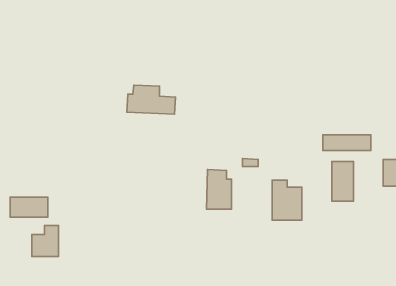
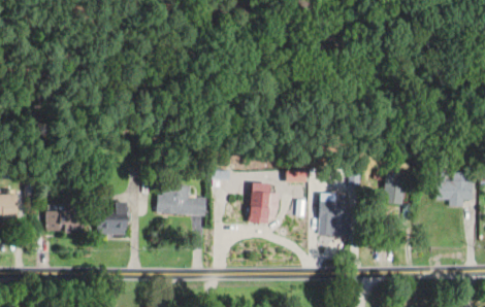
building: [127,85,175,114] -> [155,185,205,215]
building: [323,135,371,151] -> none
building: [32,226,59,256] -> [101,202,129,234]

